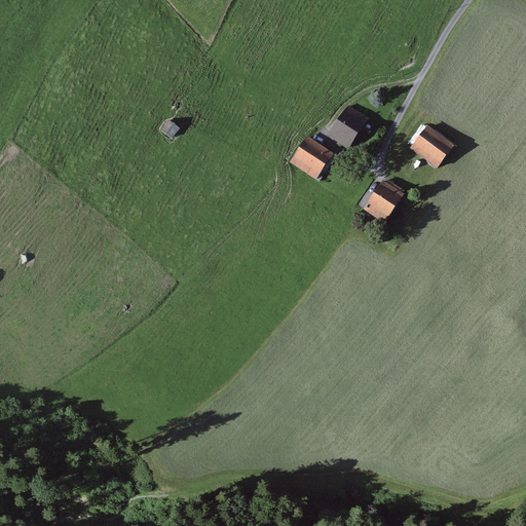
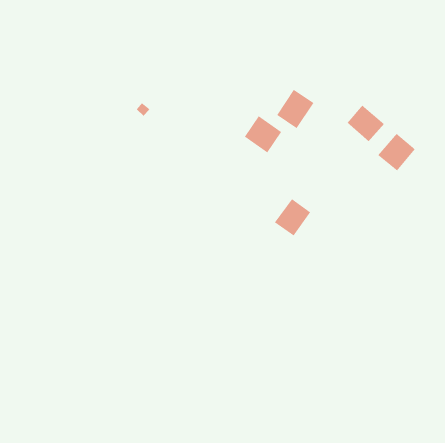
building: none -> [377,133,416,172]
building: [361,176,405,221] -> [274,198,311,236]

